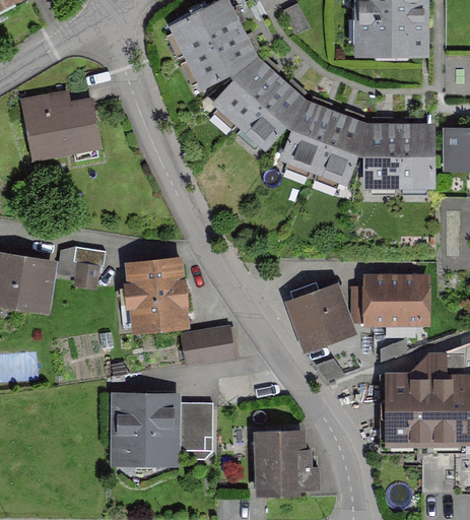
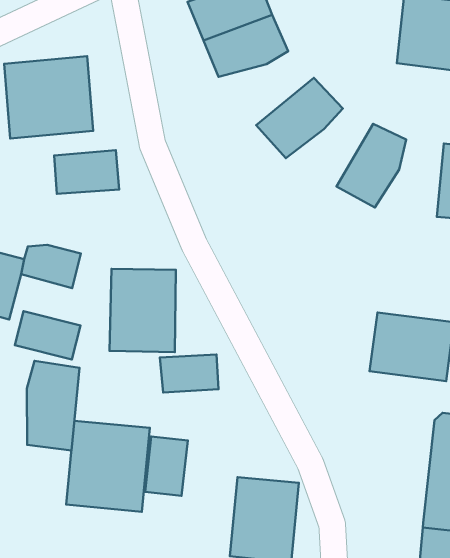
building: [213,60,284,126] -> none
building: [281,104,339,171] -> none
building: [364,124,402,188] -> none
building: none -> [54,150,119,194]
building: [282,284,354,354] -> none
building: none -> [15,311,80,359]
building: none -> [27,361,79,450]
building: [382,361,419,449] -> none

